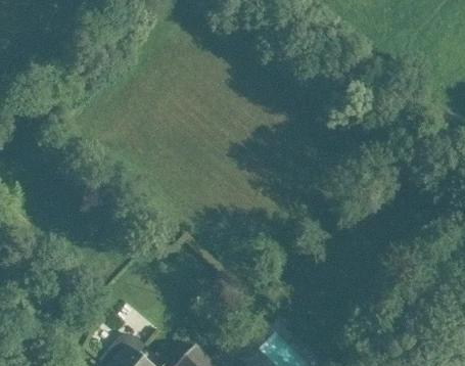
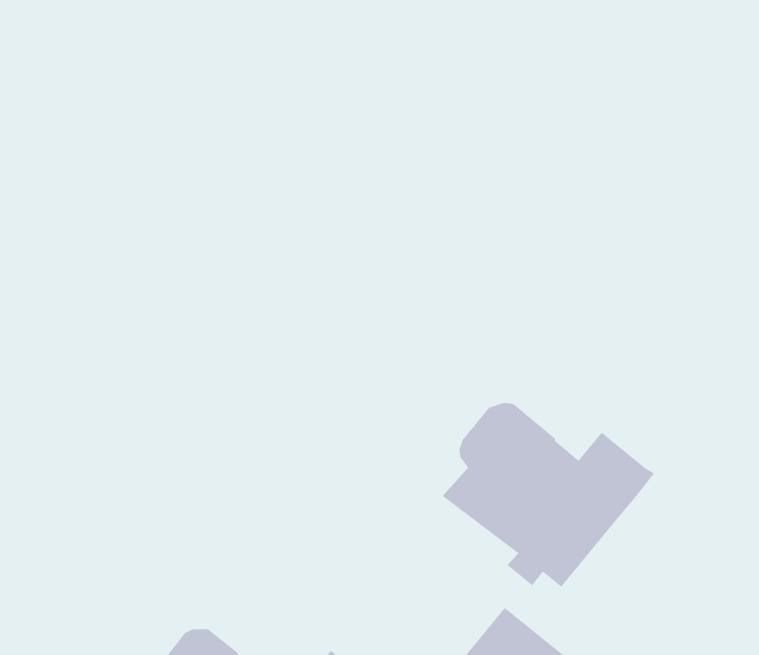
building: none -> [442,402,655,587]

